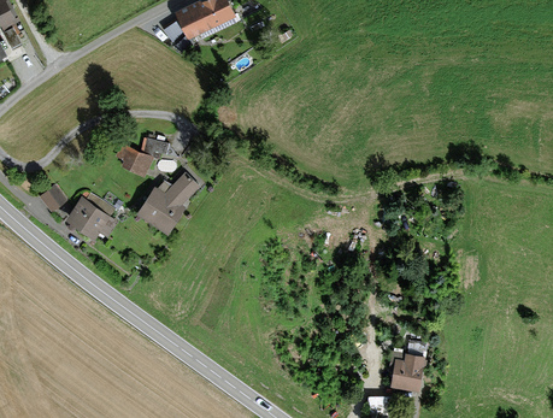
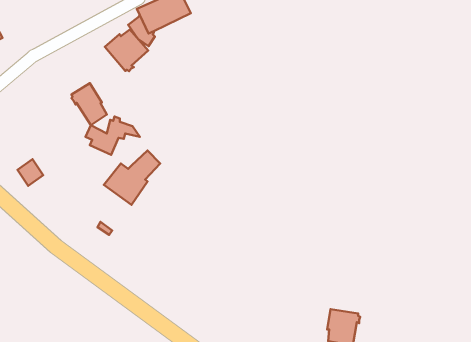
building: none -> [105,30,148,71]
building: none -> [72,83,107,125]
building: [65,190,118,237] -> none

